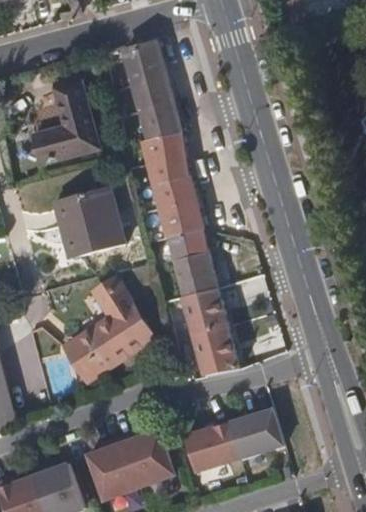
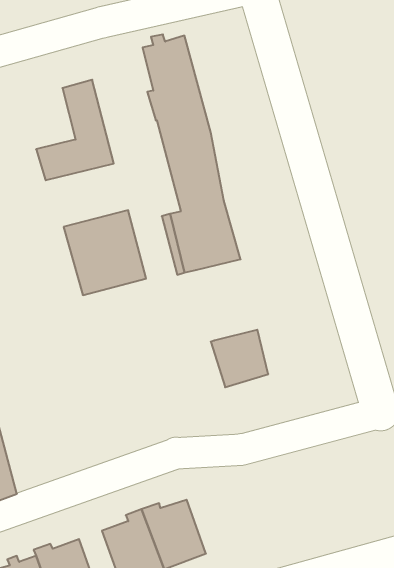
building: [166,228,218,296] -> none
building: [63,278,153,382] -> none
building: [191,324,241,376] -> none
building: [184,409,283,472] -> none

